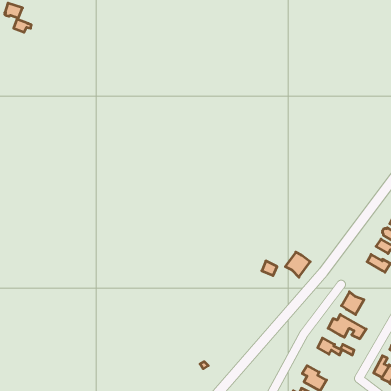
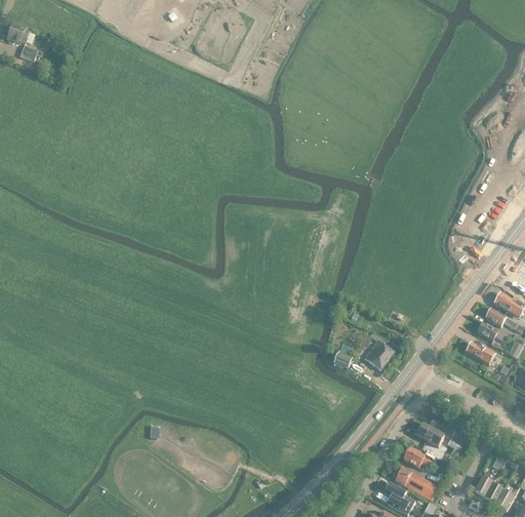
building: [341,292,364,315] -> none
building: none -> [395,467,438,500]

